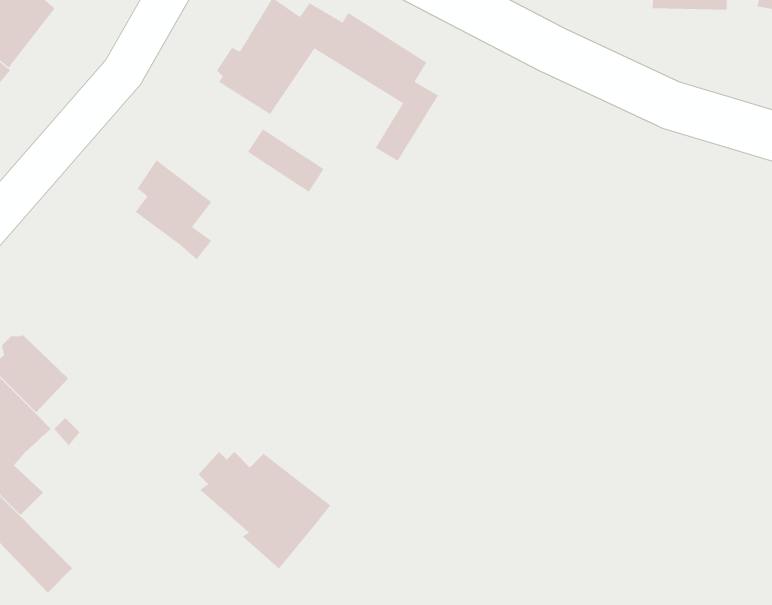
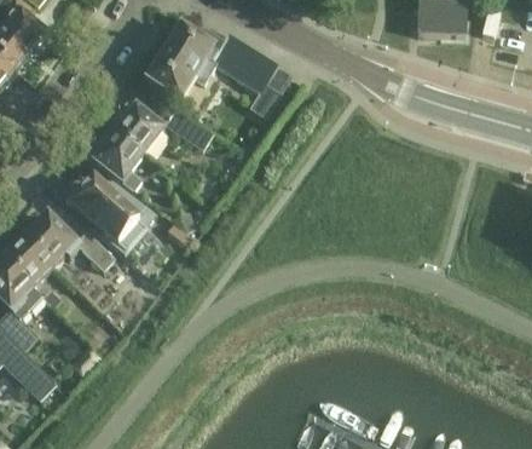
building: none -> [108,105,163,154]
building: none -> [24,213,115,269]
building: [198,451,331,569] -> [73,179,156,253]

